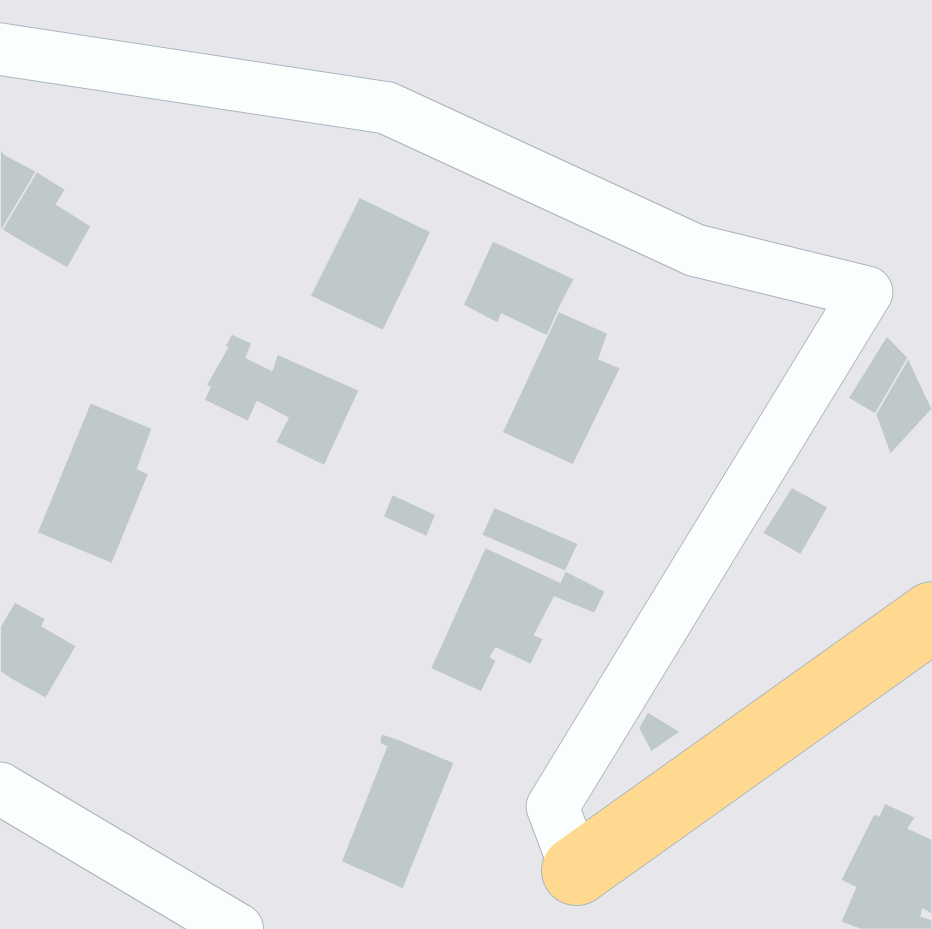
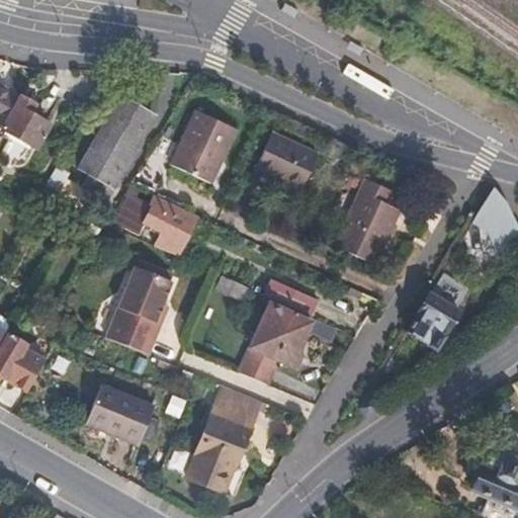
building: none -> [82,95,154,191]
building: [502,312,621,465] -> [336,178,402,263]
building: [37,403,152,564] -> [105,266,169,355]
building: none -> [400,295,453,353]
building: none -> [86,384,152,442]
building: none -> [211,385,261,423]

